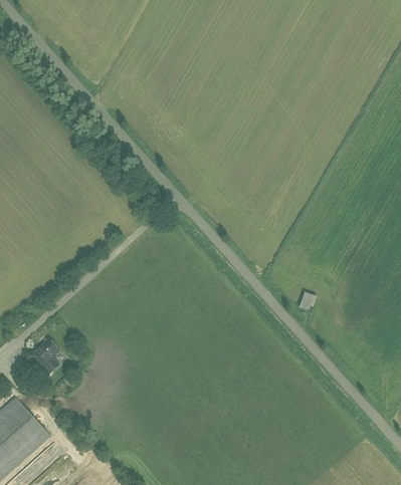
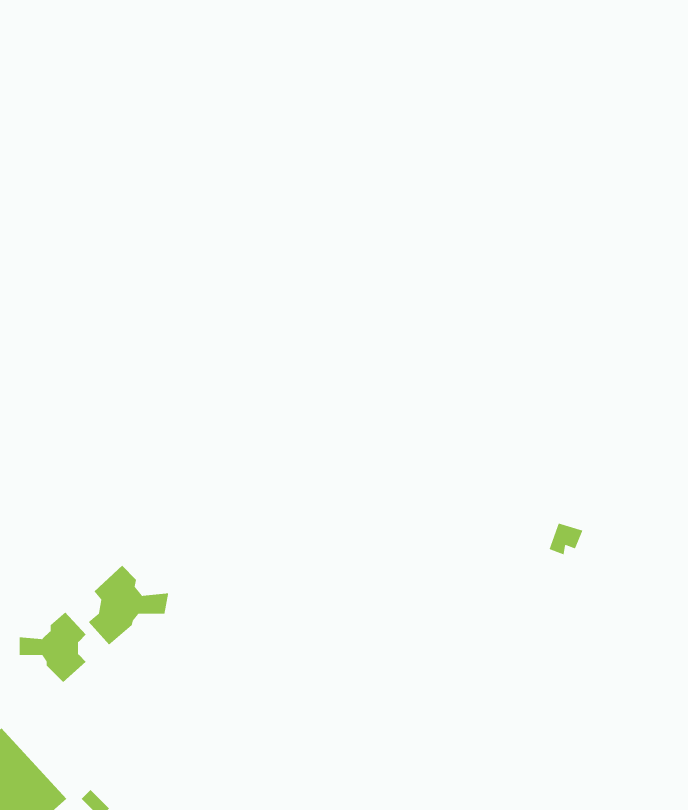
building: none -> [88,565,169,645]

